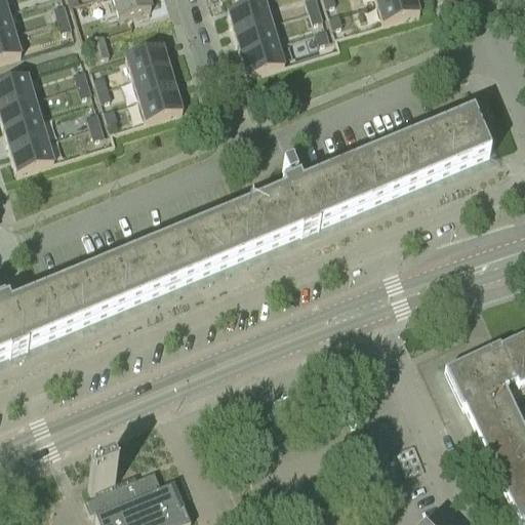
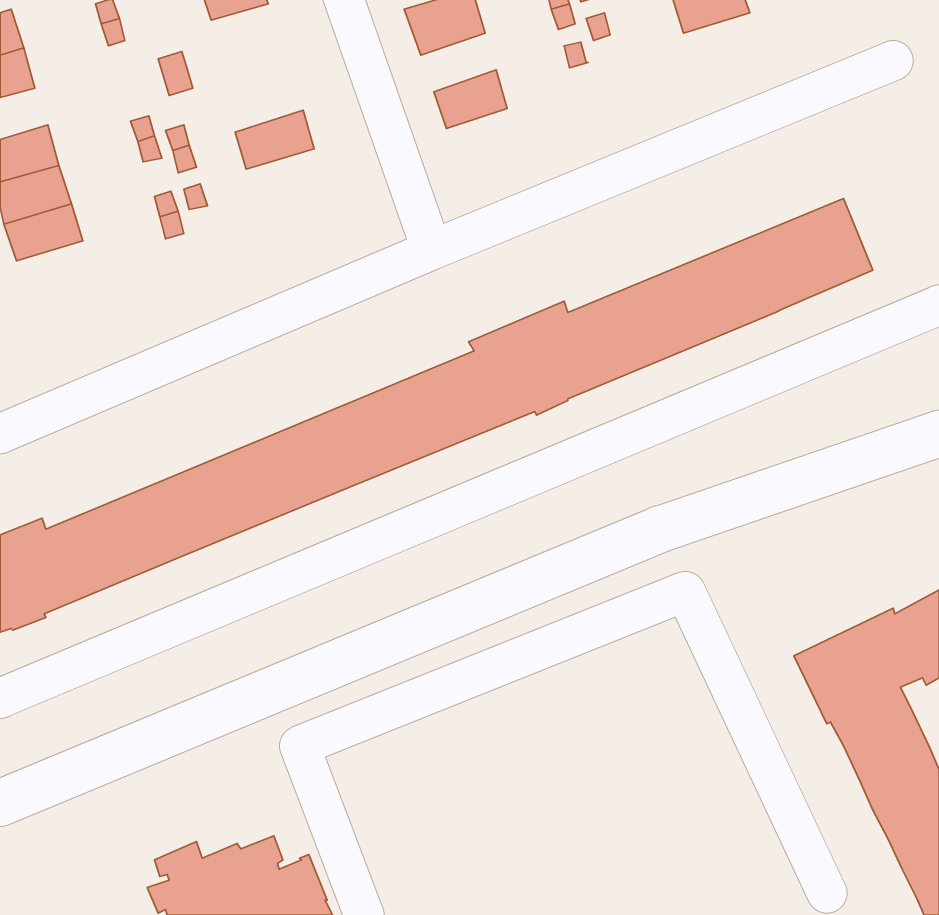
building: [235,18,277,51] -> none
building: [124,40,169,74] -> none
building: [137,83,181,117] -> none
building: [9,134,52,168] -> none

